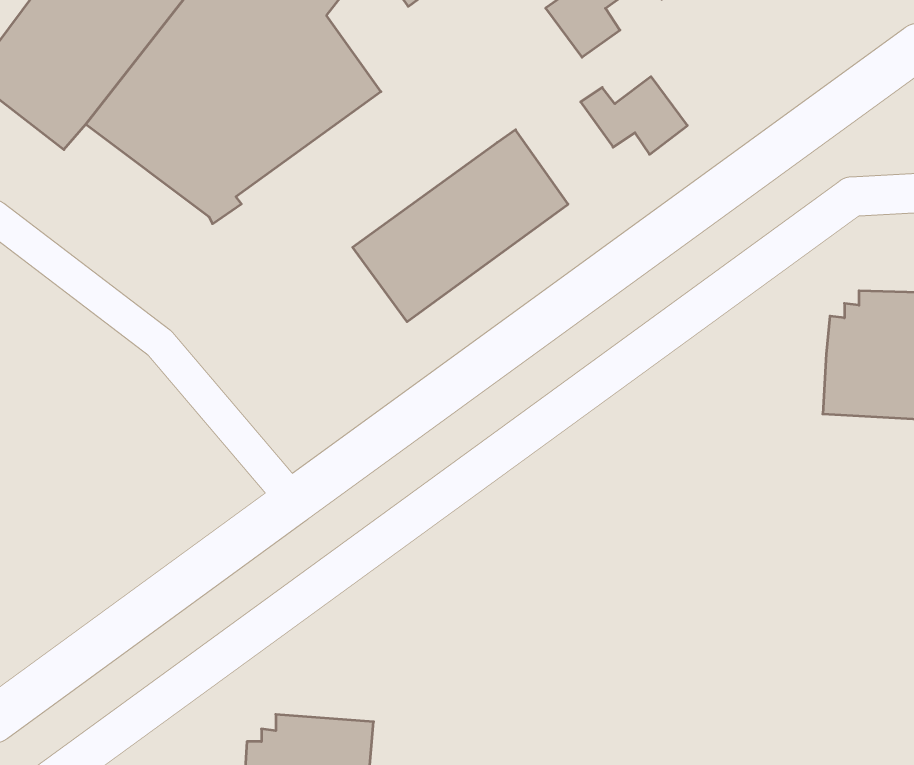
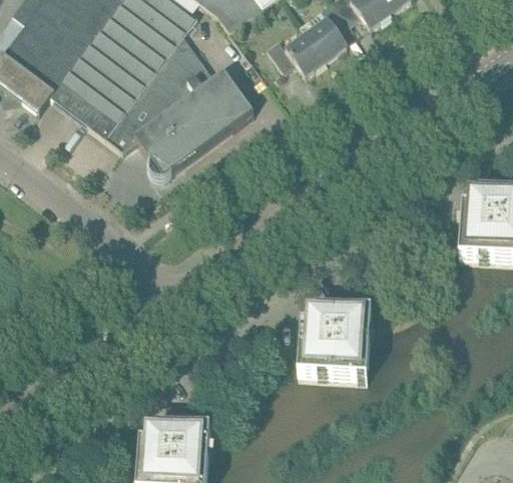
building: [581,77,687,154] -> [267,31,326,74]
building: [353,130,568,322] -> [134,70,253,176]
building: none -> [298,305,372,378]

